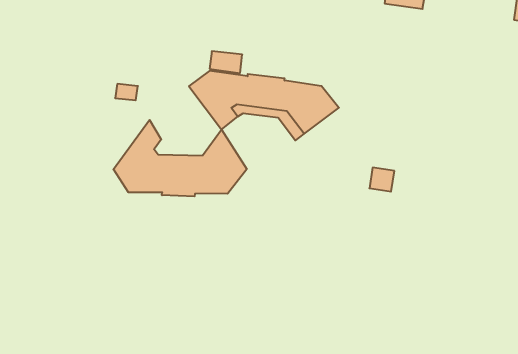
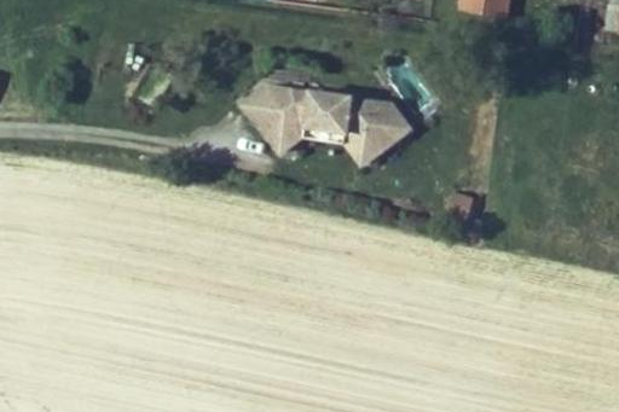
building: [113,120,247,196] -> none

